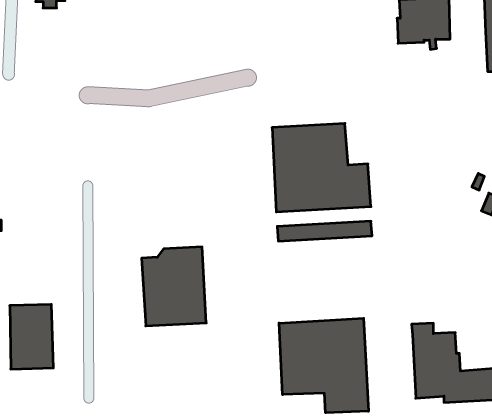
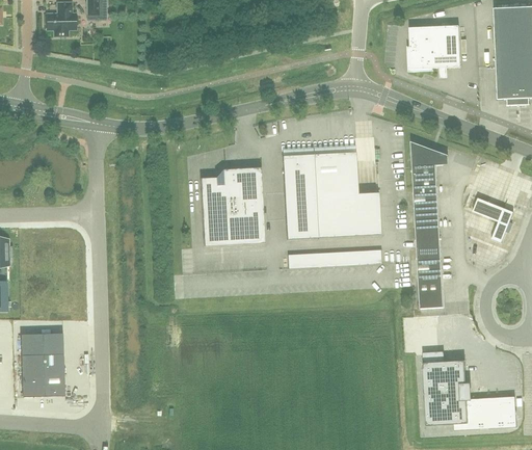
building: none -> [411,140,448,308]
building: [142,247,206,326] -> [201,166,265,245]
building: [279,318,368,413] -> none

